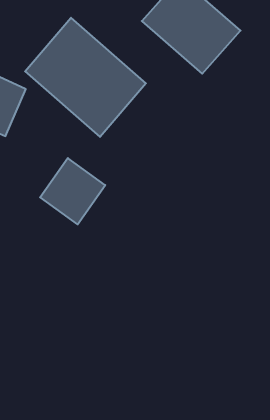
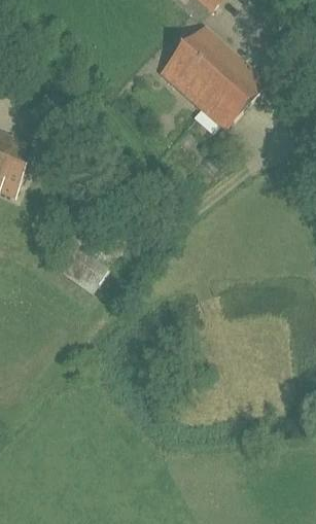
building: [25,18,146,137] -> none

